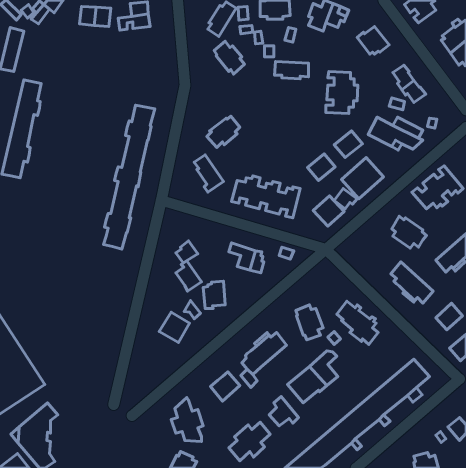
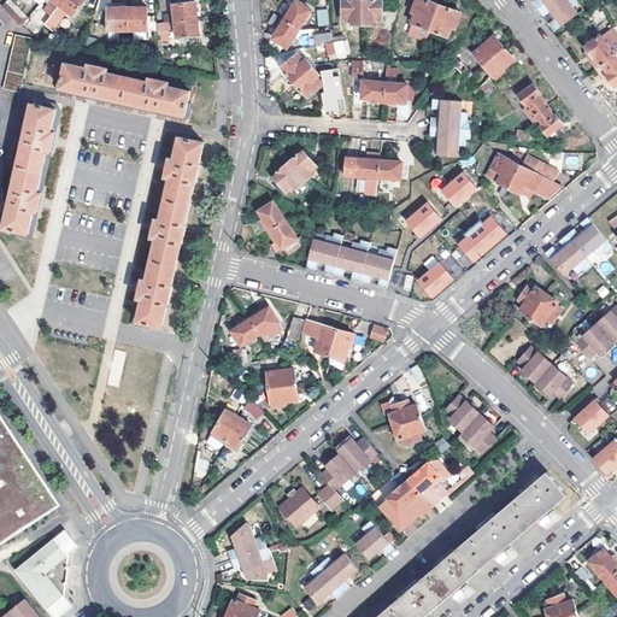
building: none -> [59,65,189,116]
building: none -> [343,154,401,196]
building: [176,261,201,291] -> [248,301,282,341]

